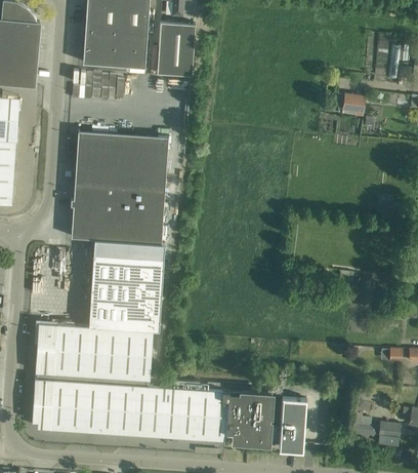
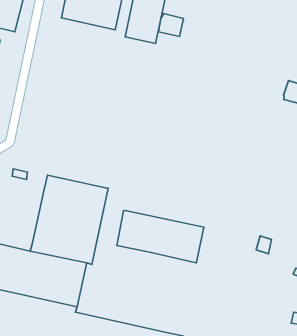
building: none -> [158,13,183,36]
building: [71,131,168,244] -> none
building: none -> [117,210,204,263]

